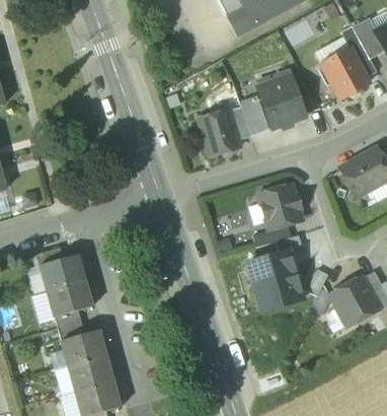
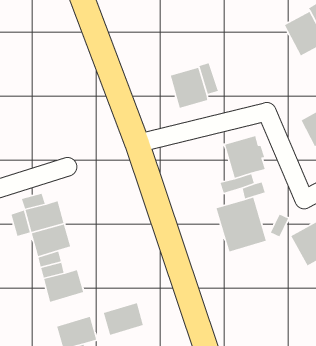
building: [260,76,305,128] -> none
building: [241,96,268,135] -> none
building: [68,355,112,392] -> [103,302,144,336]

